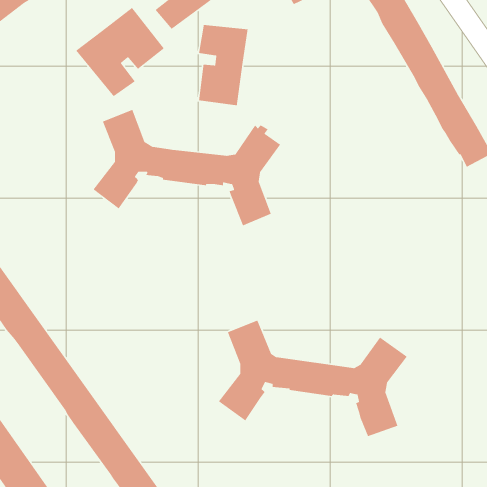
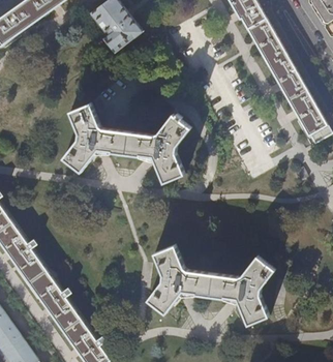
building: [75,7,165,97] -> none
building: [198,24,249,106] -> none

